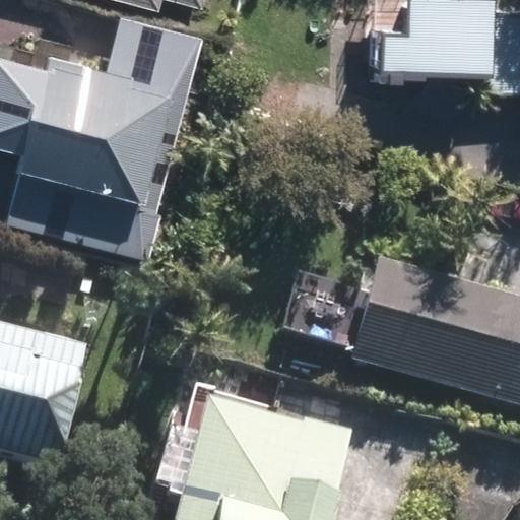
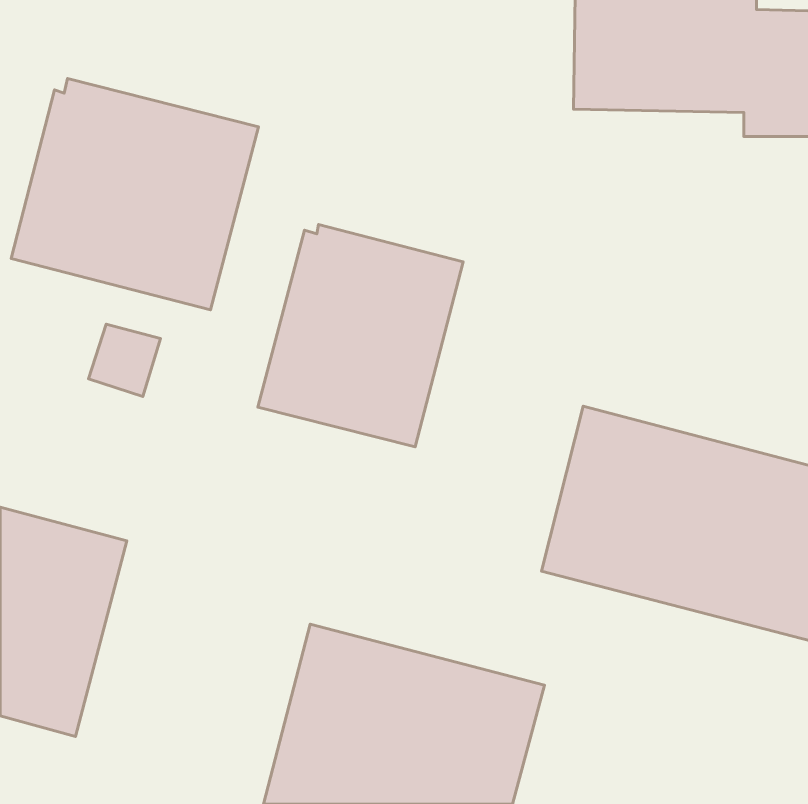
building: none -> [258,225,463,447]

